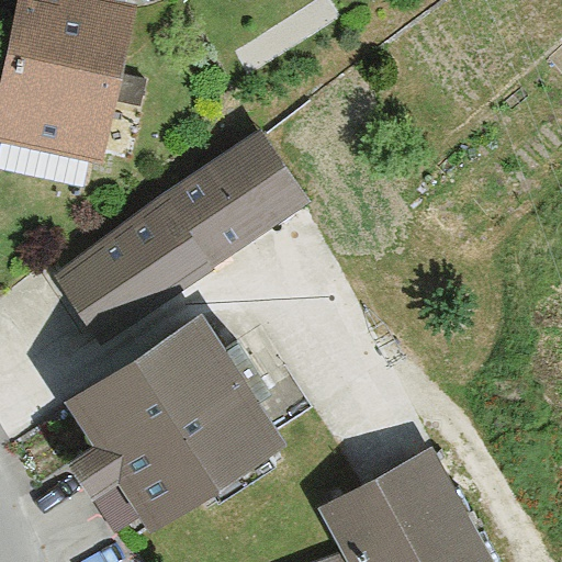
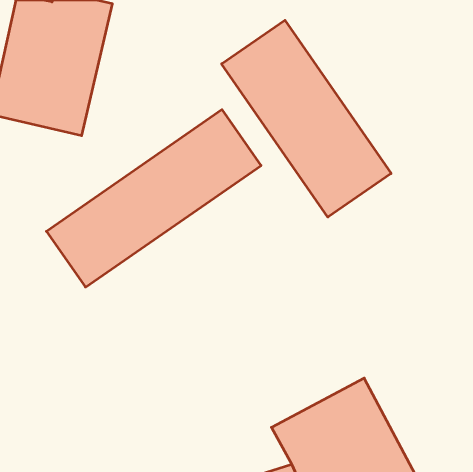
building: none -> [222,20,391,217]
building: [67,316,280,525] -> none

